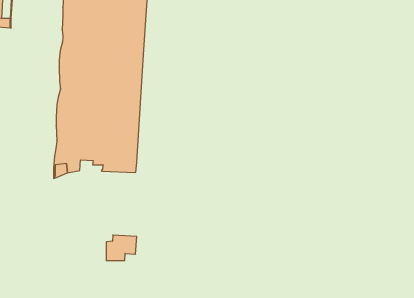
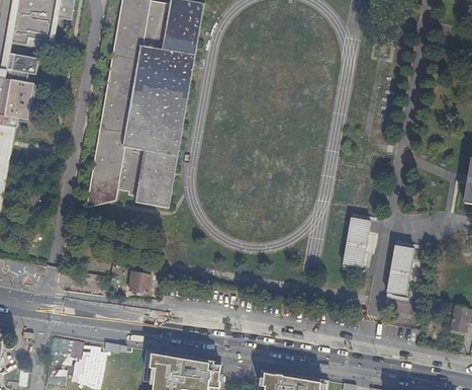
building: none -> [341,220,369,270]
building: none -> [385,248,413,299]

